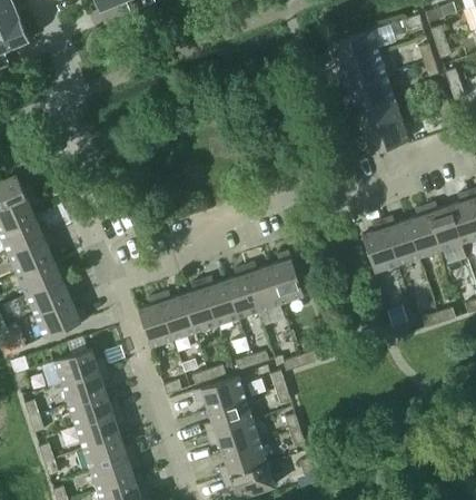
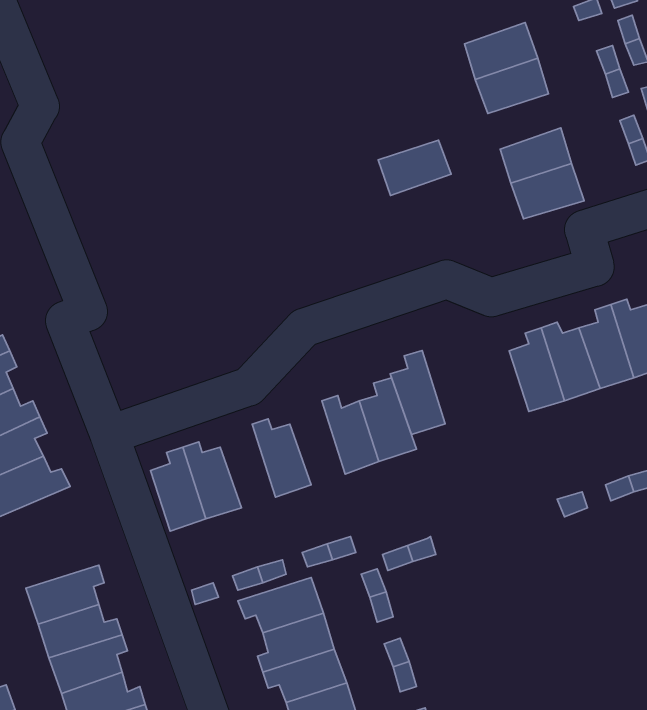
building: [348,75,394,109] -> [378,140,451,196]
building: [225,266,259,318] -> [390,351,445,434]
building: [181,281,216,333] -> none
building: [53,349,106,383] -> none

